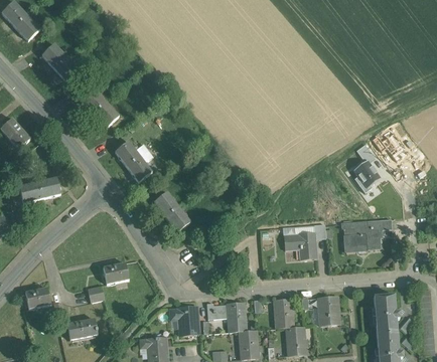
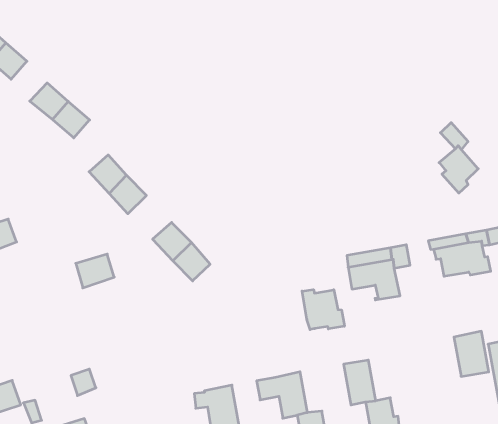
building: none -> [302,290,344,330]
building: [103,262,128,284] -> [76,254,114,288]
building: [318,296,339,325] -> [454,331,489,376]

